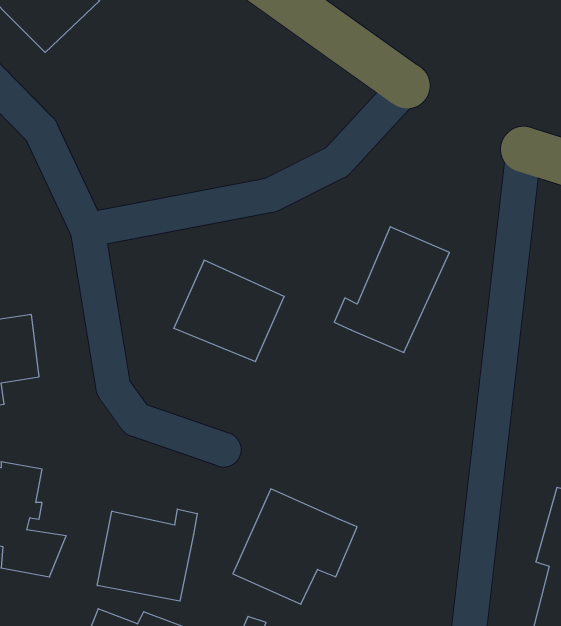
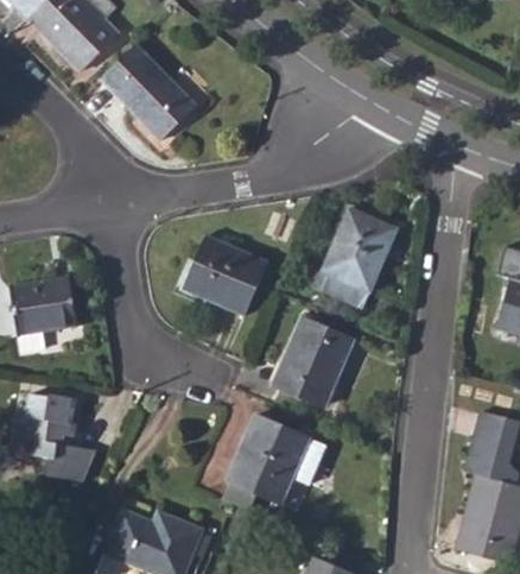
building: none -> [101,46,195,139]
building: none -> [272,317,354,408]
building: [97,509,197,601] -> none

